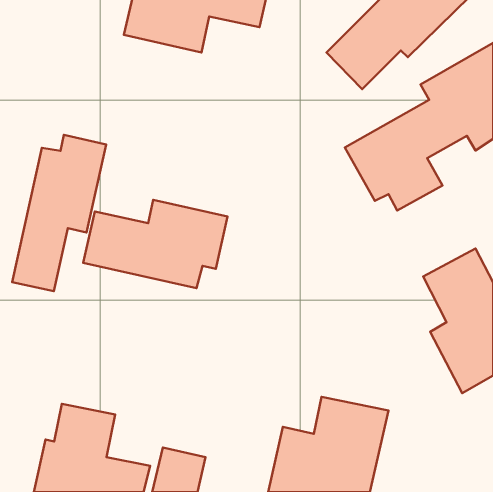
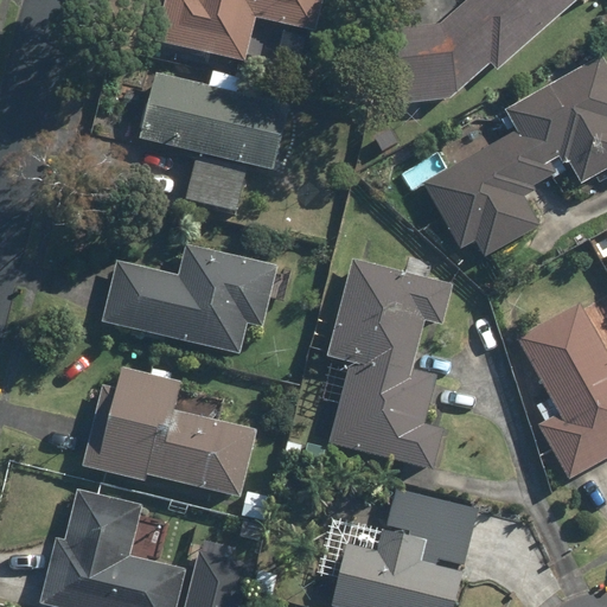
building: none -> [136,69,290,210]
building: [12,135,106,291] -> none
building: none -> [326,256,453,471]
building: none -> [82,368,257,496]

